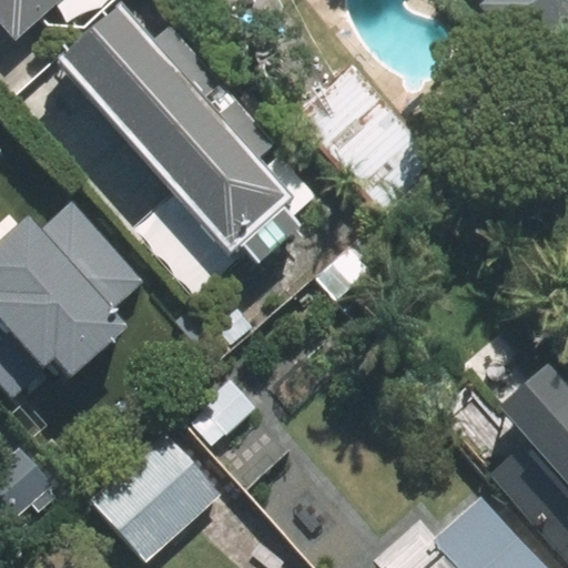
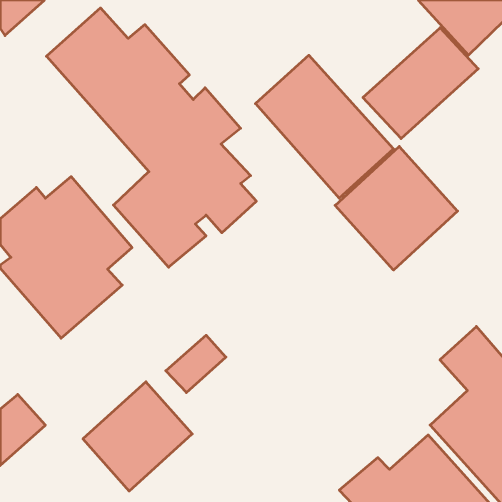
building: none -> [363,28,478,139]
building: none -> [335,146,458,270]

